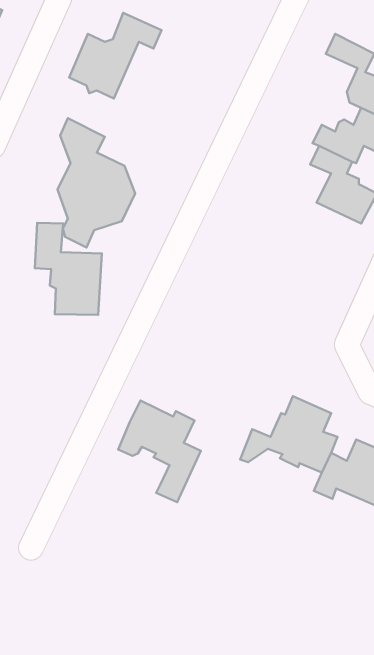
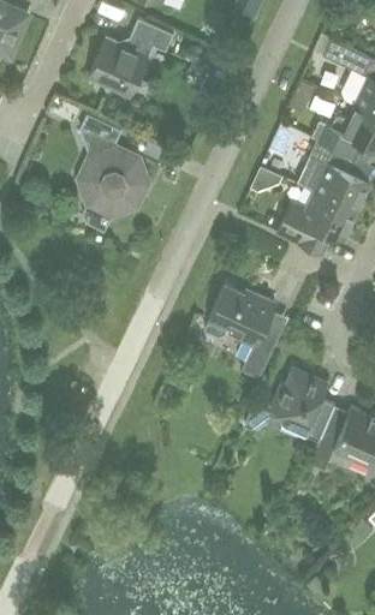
building: none -> [278,191,356,253]
building: [35,223,102,315] -> none
building: [118,401,201,502] -> [206,286,281,378]

